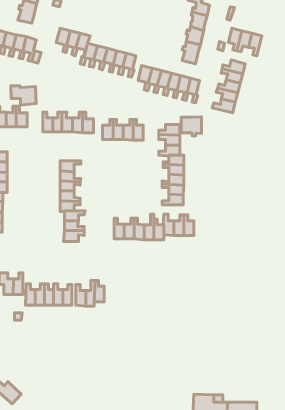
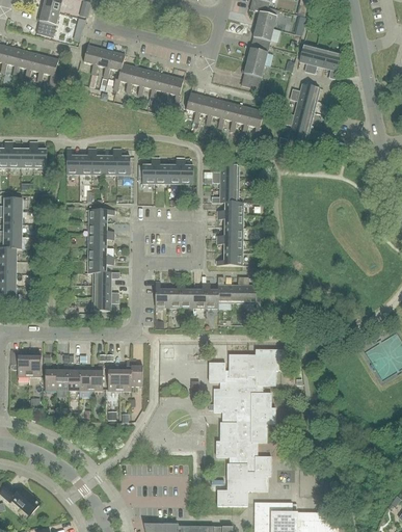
building: [11,86,36,105] -> none
building: [181,117,202,136] -> none
building: none -> [209,350,287,506]

